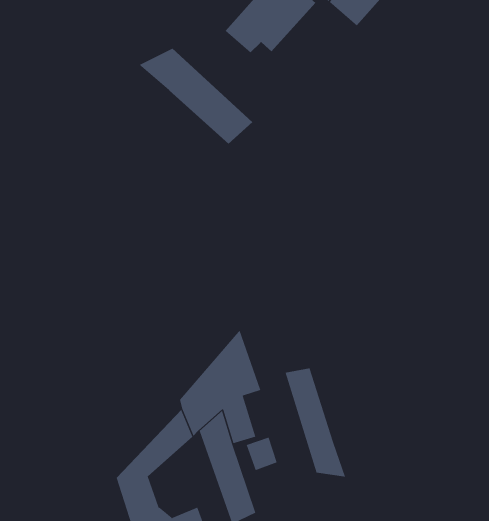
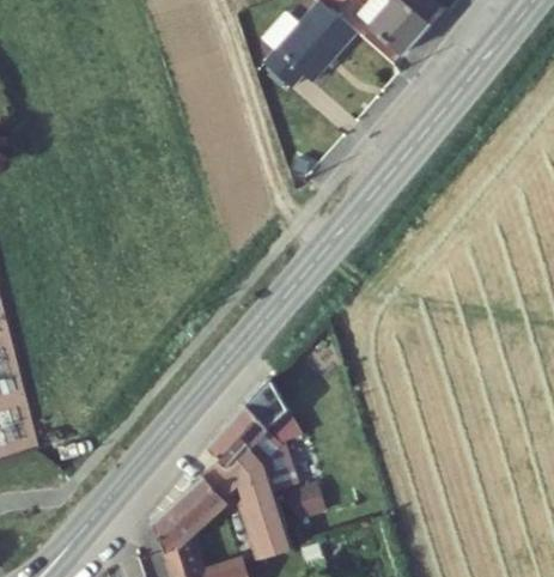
building: [139,48,253,144] -> none
building: [285,368,346,478] -> none

